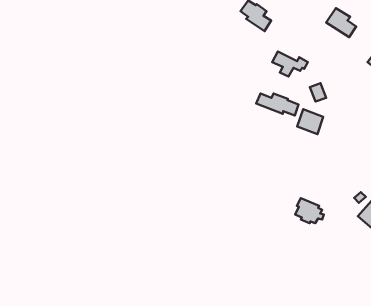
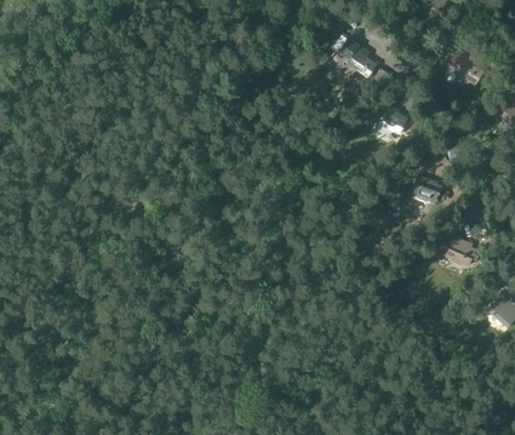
building: [256,94,298,115] -> none
building: [295,198,324,223] -> [442,234,479,265]

